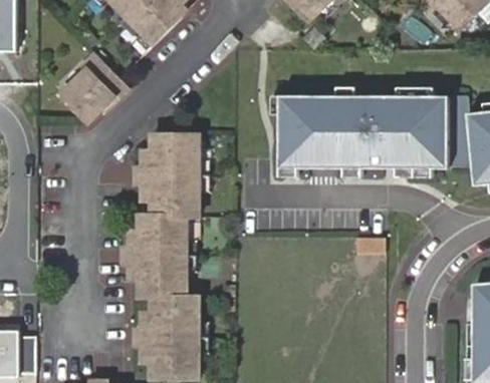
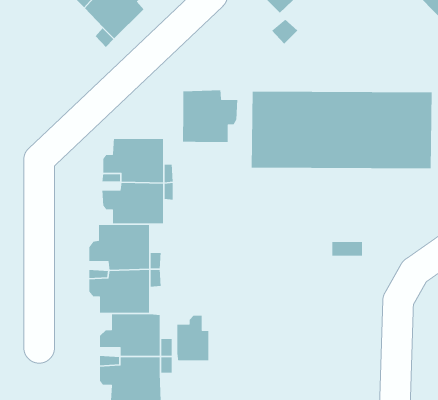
building: [60,54,122,123] -> none
building: none -> [182,90,238,143]
building: none -> [177,315,209,361]

